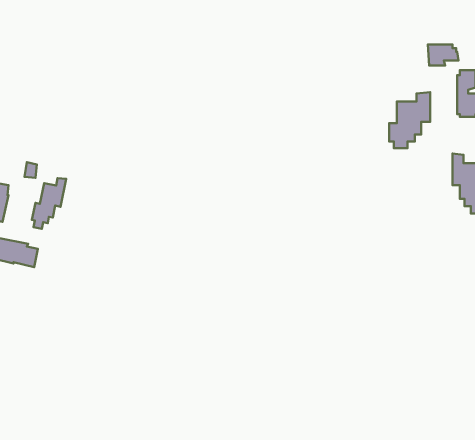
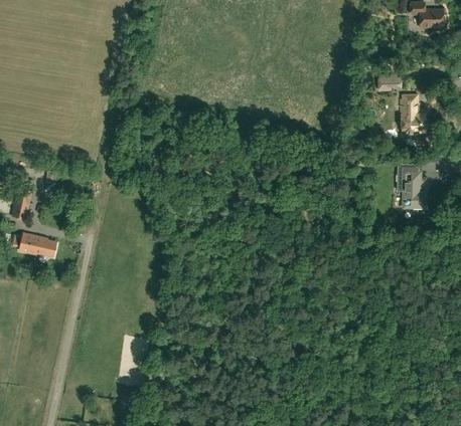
building: [389,92,430,148] -> none
building: [32,178,66,229] -> none

